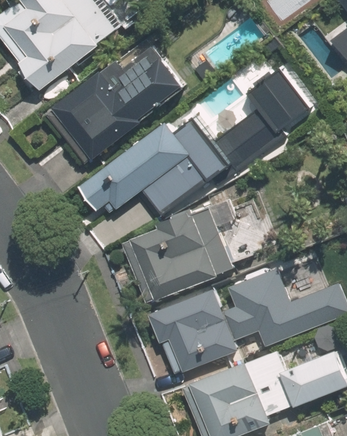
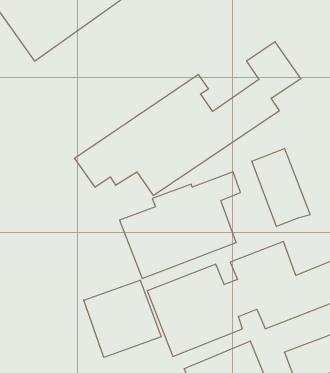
building: [50,49,182,159] -> none
building: none -> [252,148,310,227]
building: none -> [84,280,161,357]

